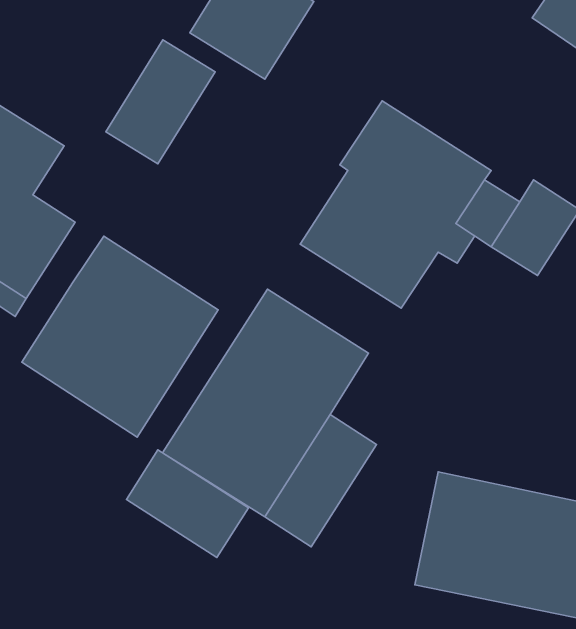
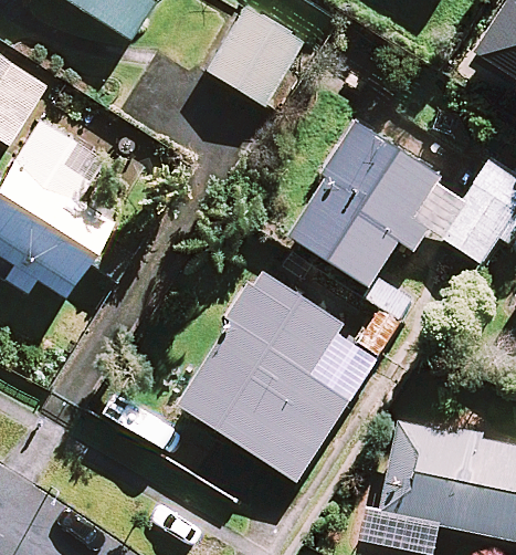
building: [106,40,215,164] -> none
building: [22,236,218,437] -> none
building: [126,450,249,558] -> none

